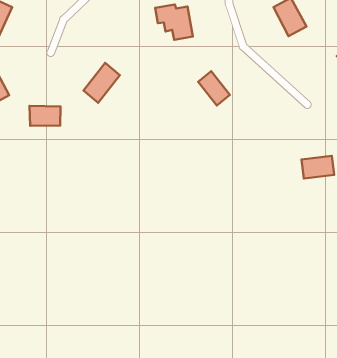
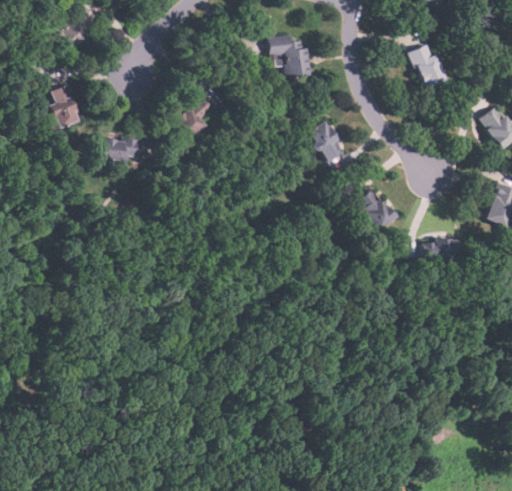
building: none -> [356,188,396,230]

